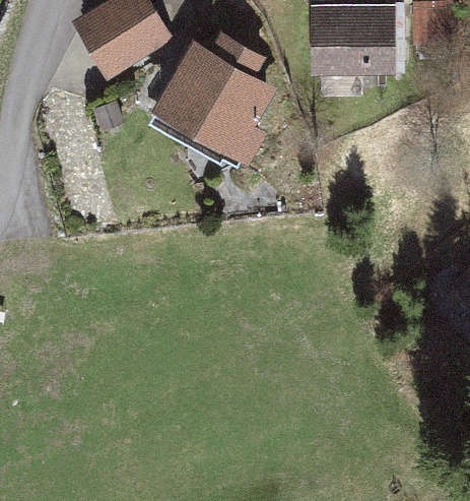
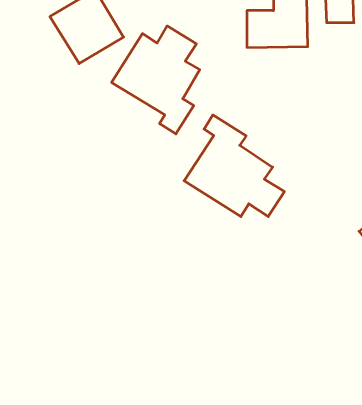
building: none -> [184,115,284,217]

